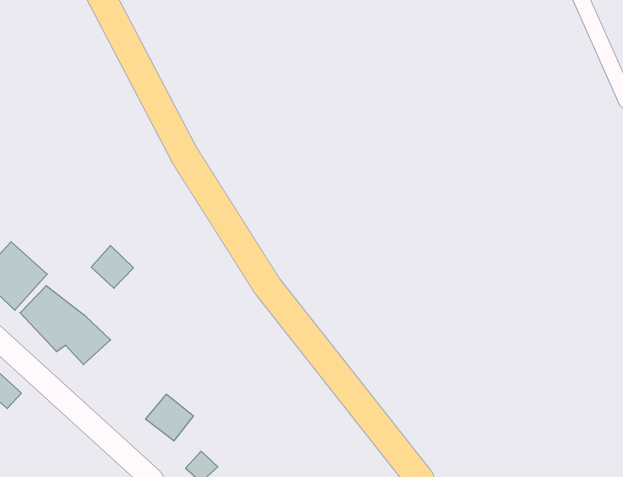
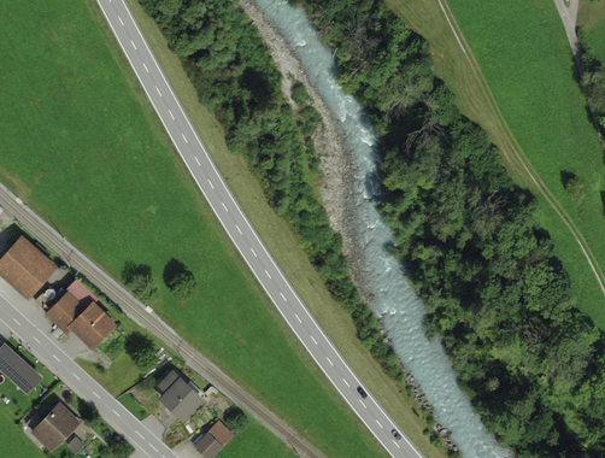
building: [91,246,133,288] -> none
building: none -> [33,400,78,446]

